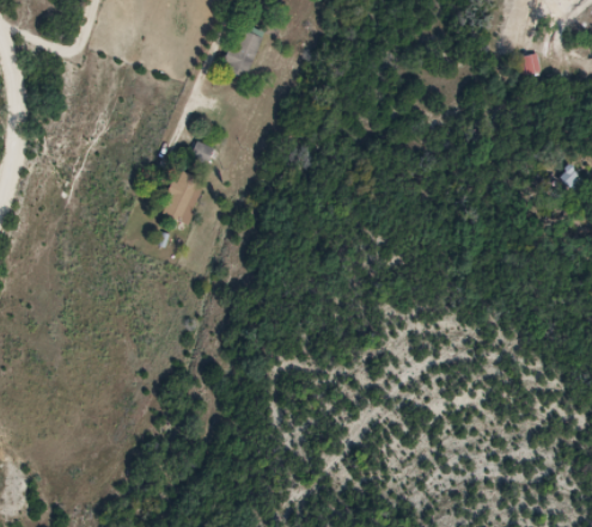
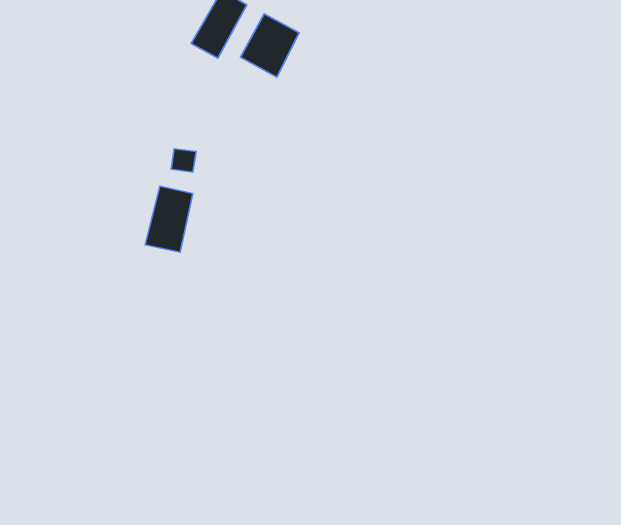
building: none -> [241,14,299,77]

